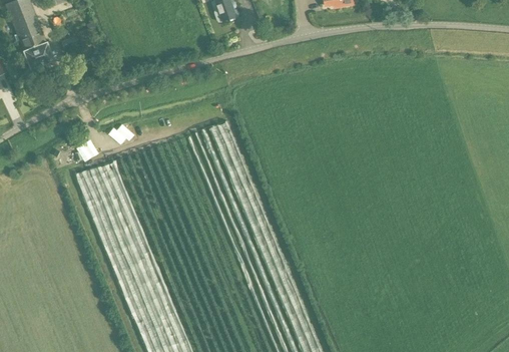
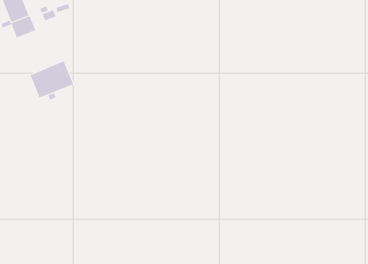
building: none -> [30,61,74,98]

